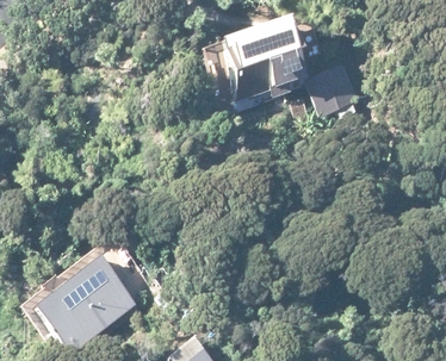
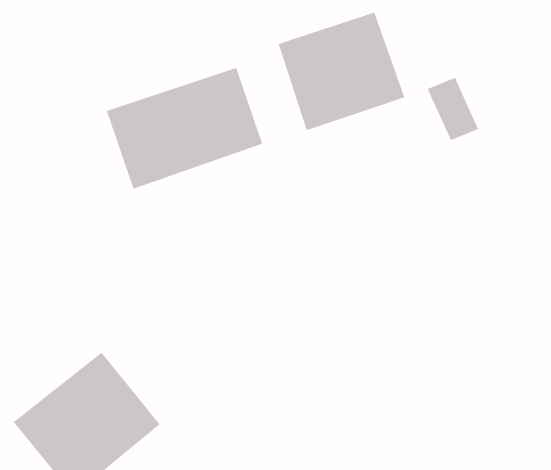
building: none -> [106,67,263,190]

